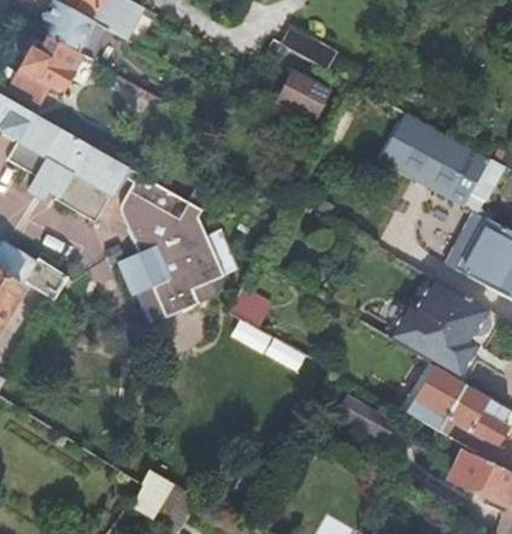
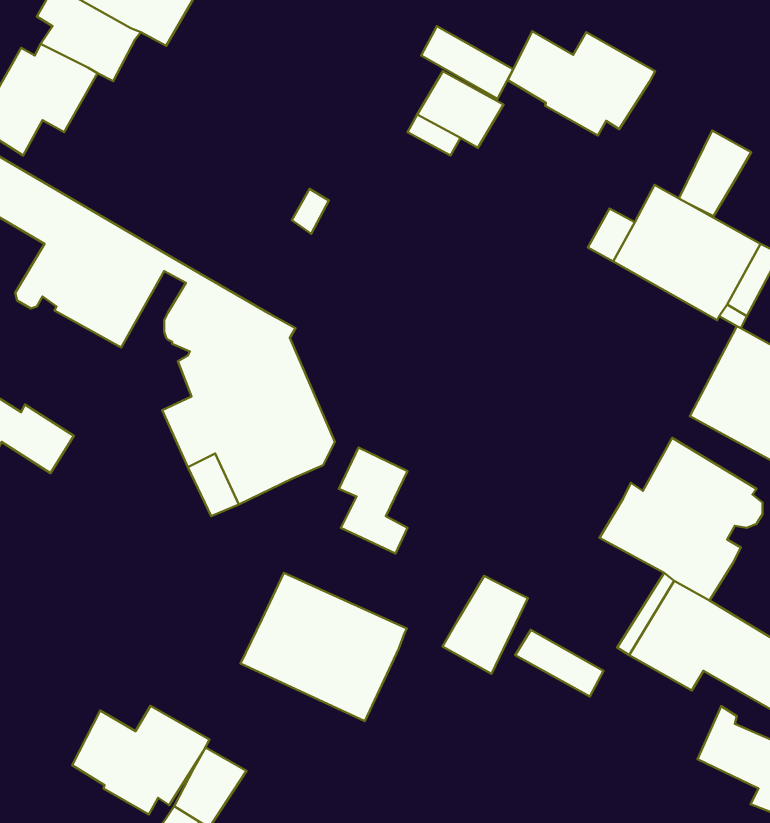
building: none -> [508,31,655,136]
building: none -> [679,130,751,216]
building: none -> [240,573,407,721]
building: none -> [442,576,528,674]
building: none -> [72,706,210,814]

